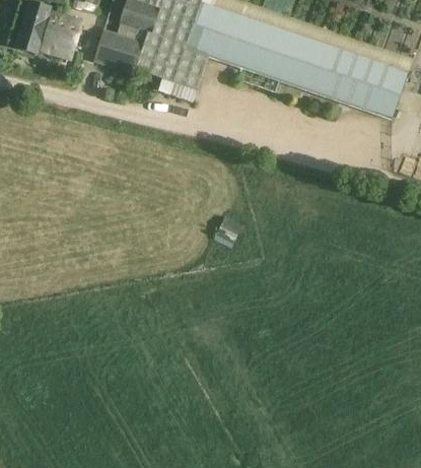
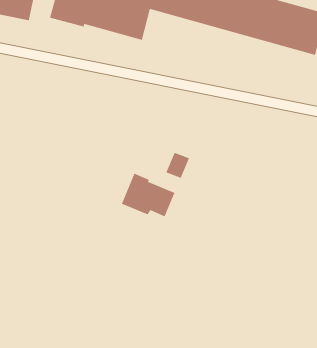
building: none -> [121,173,175,217]

